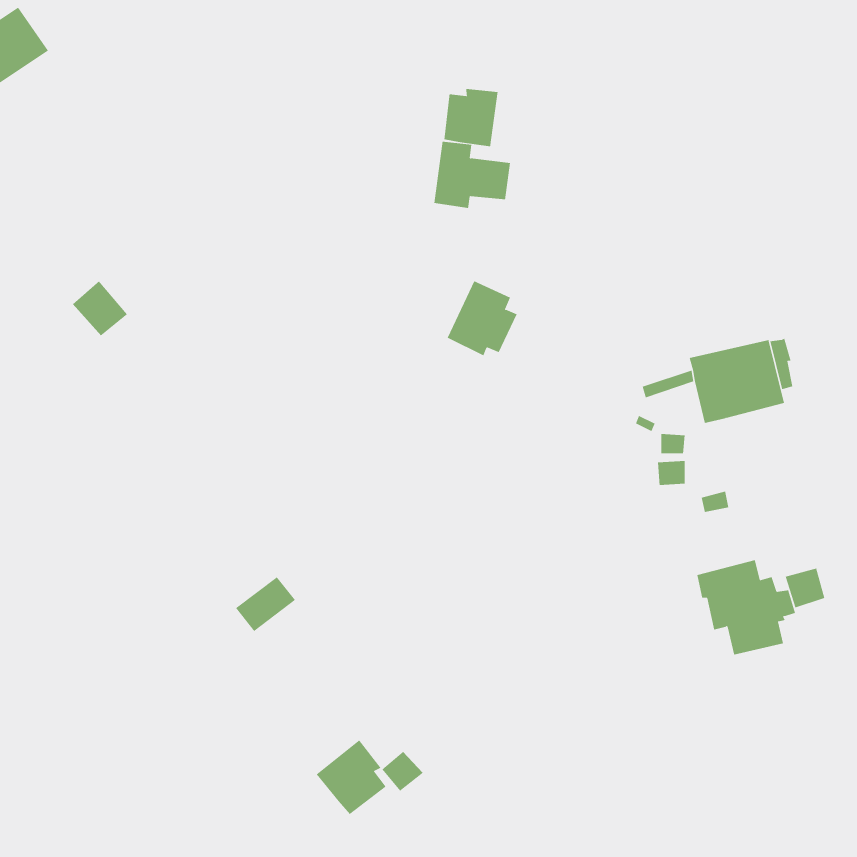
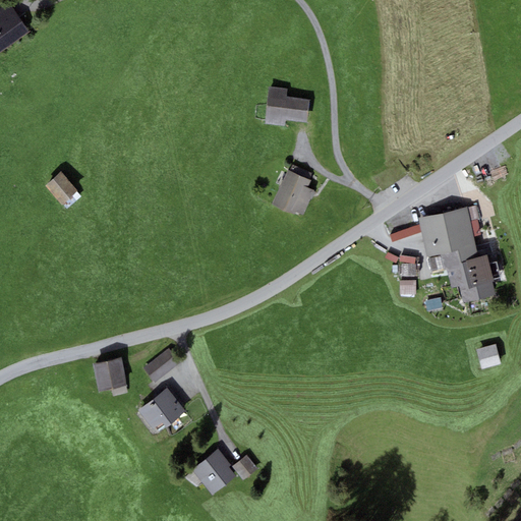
building: [444,88,498,147] -> none
building: [697,560,796,655] -> [440,244,500,302]
building: none -> [92,357,126,391]
building: none -> [137,387,184,432]

